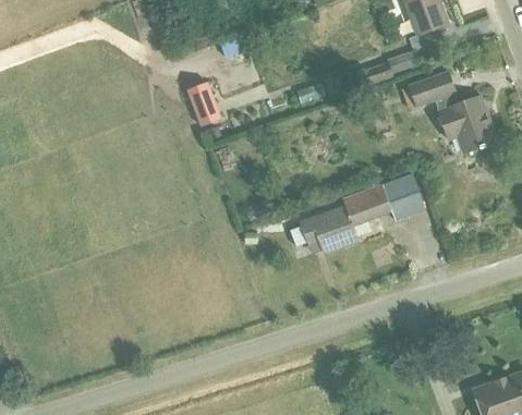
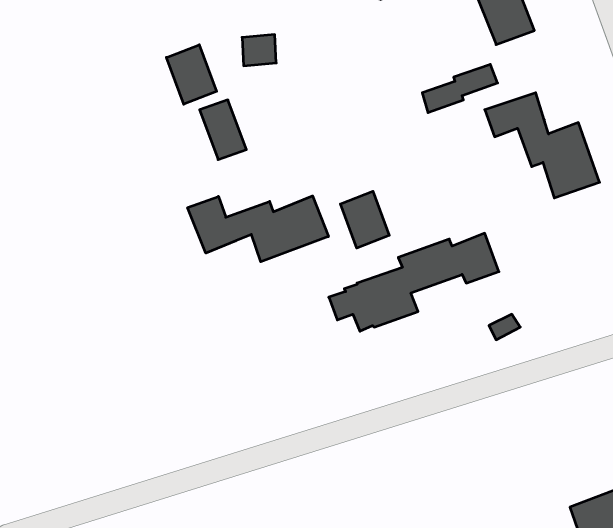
building: none -> [166,45,217,104]
building: none -> [340,191,389,248]
building: none -> [188,196,328,262]

